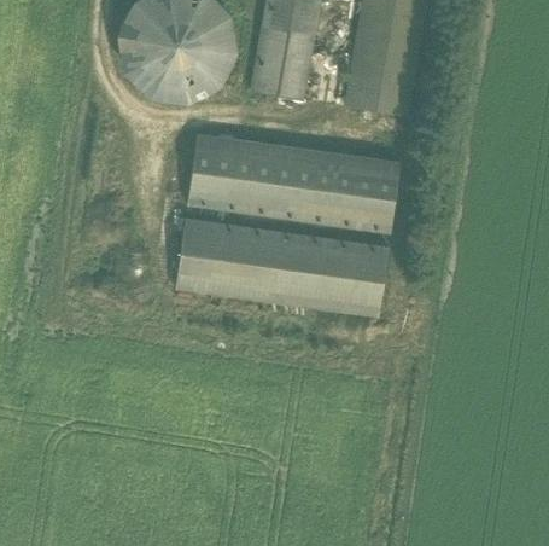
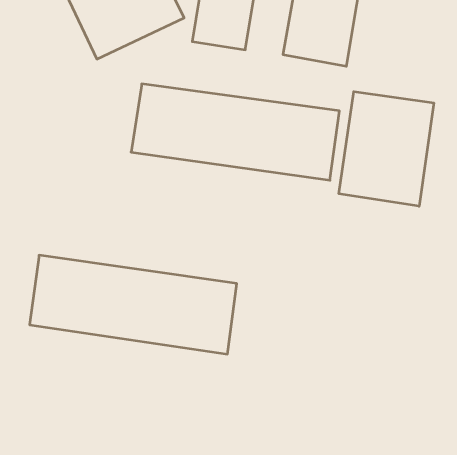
building: none -> [339,92,434,206]
building: [176,216,389,318] -> [30,255,237,354]

